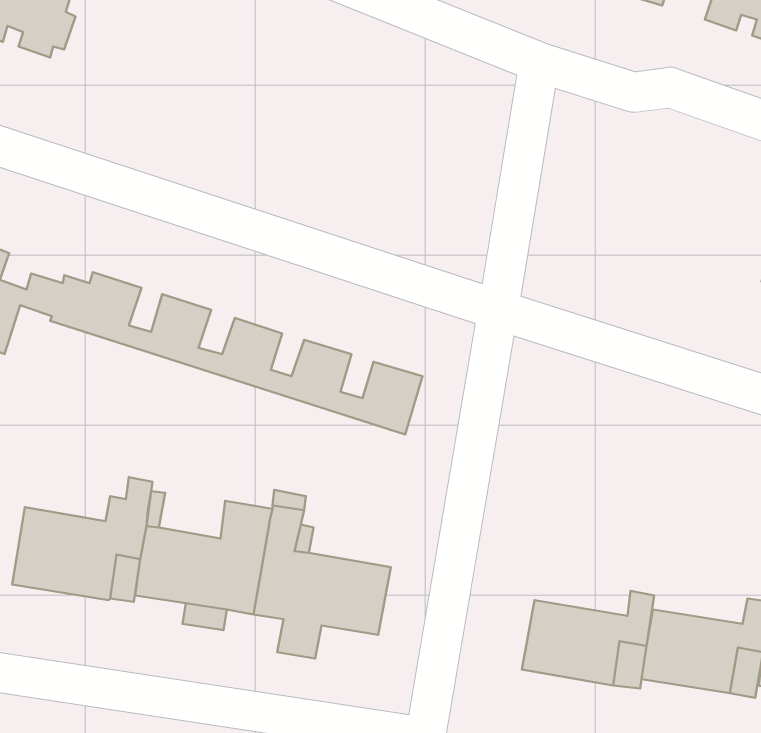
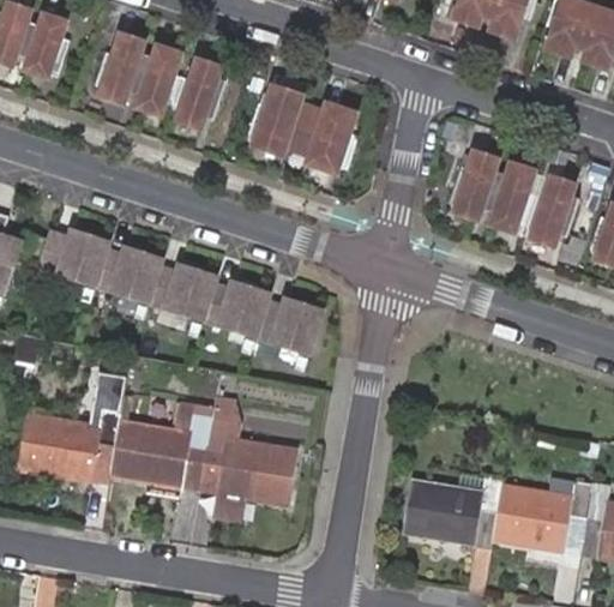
building: none -> [92,32,219,122]
building: none -> [245,79,355,168]
building: none -> [447,145,577,239]

